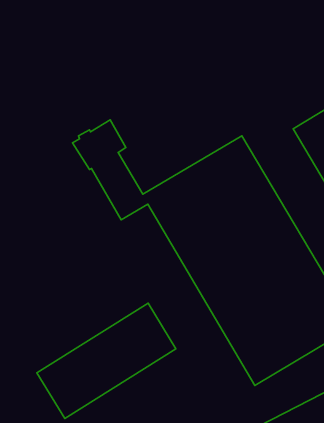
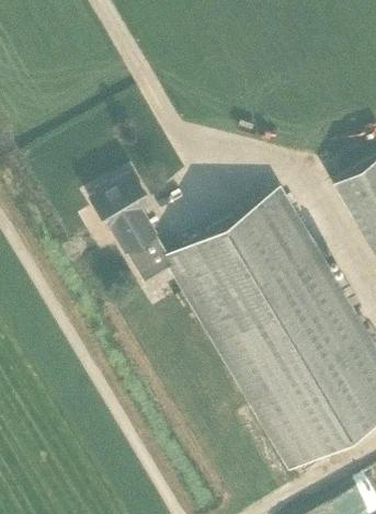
building: [37,303,176,419] -> none

